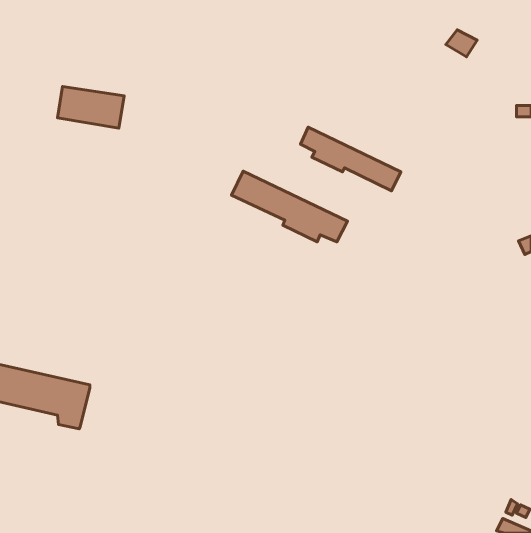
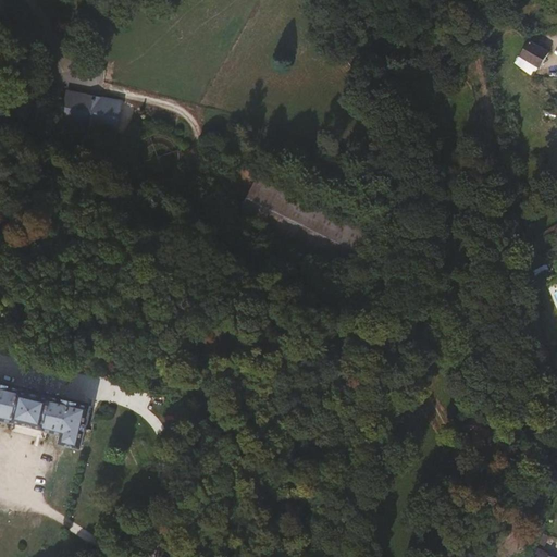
building: [446,30,477,57] -> [517,42,549,71]
building: [300,127,401,191] -> none

